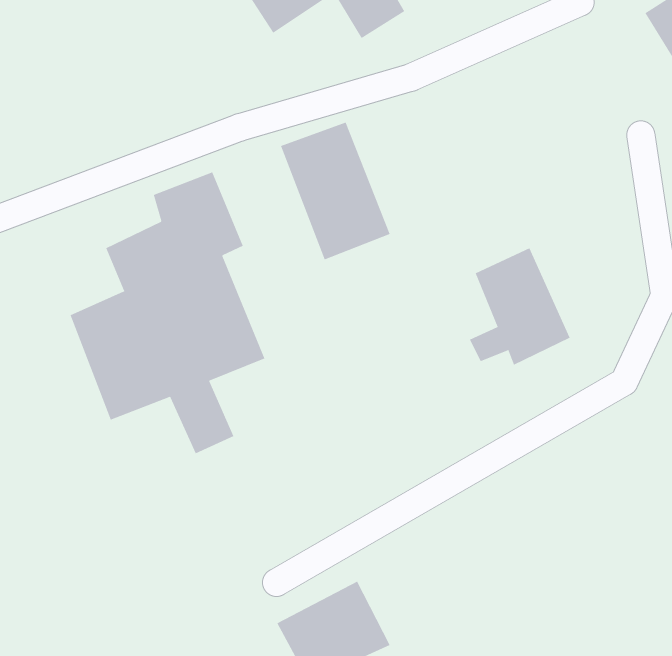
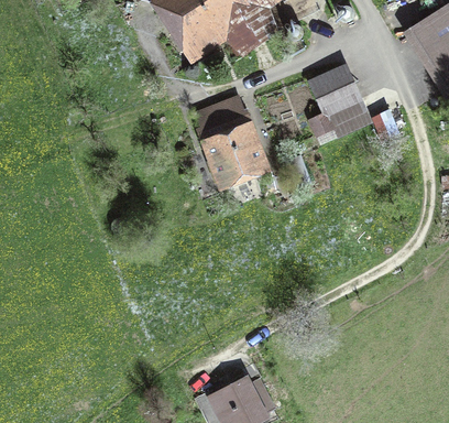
building: [70,171,265,454] -> none
building: [469,248,570,365] -> [309,67,370,138]

